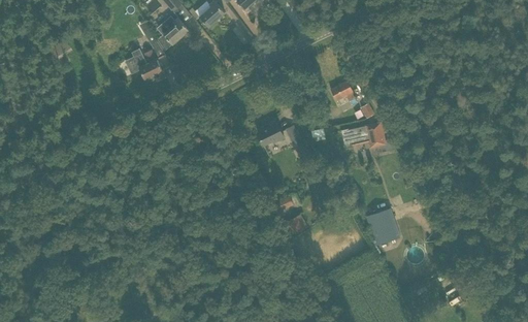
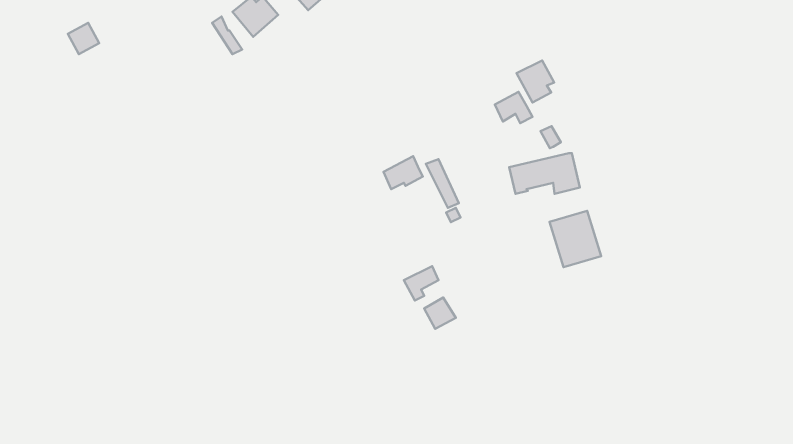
building: [127,50,162,79] -> none
building: none -> [516,60,554,102]
building: [366,207,400,245] -> [549,211,601,267]

